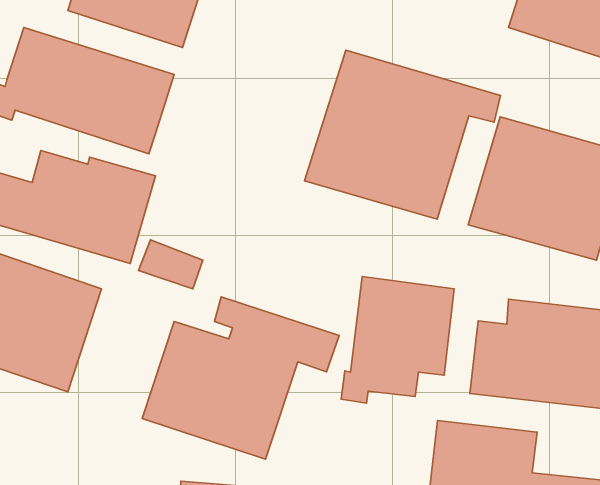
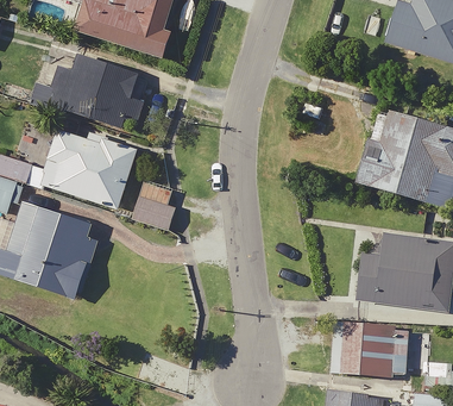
building: [305,50,501,219] -> none
building: [341,277,454,403] -> none
building: [142,297,339,459] -> none

